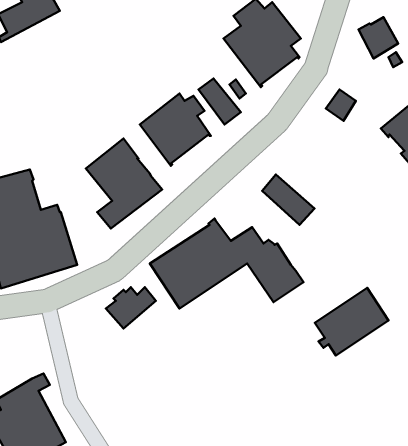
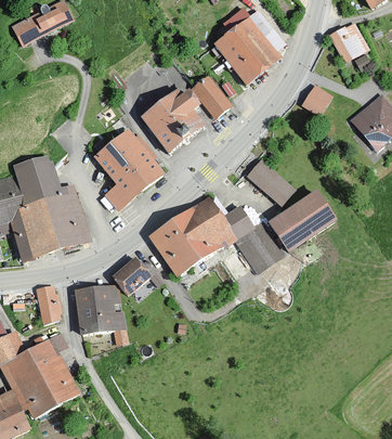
building: [315,288,388,355] -> [270,193,334,251]
building: none -> [36,286,61,325]
building: none -> [76,287,125,335]

